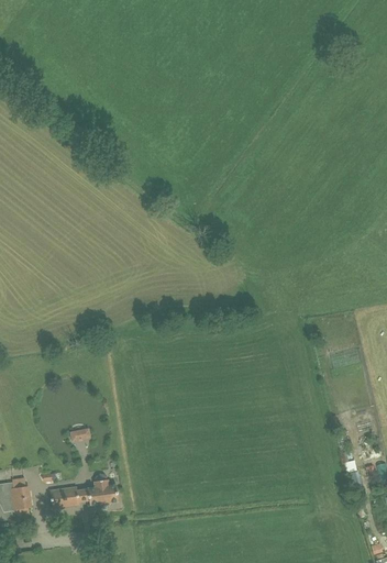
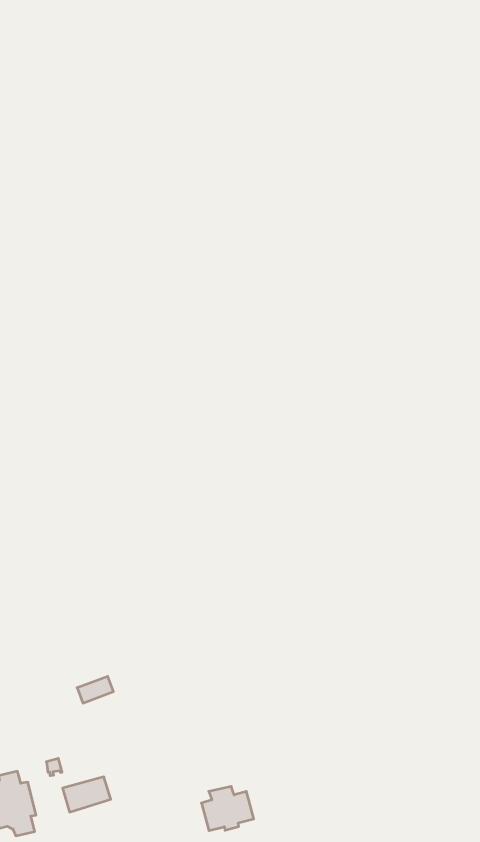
building: [87,478,118,505] -> [201,786,254,831]

